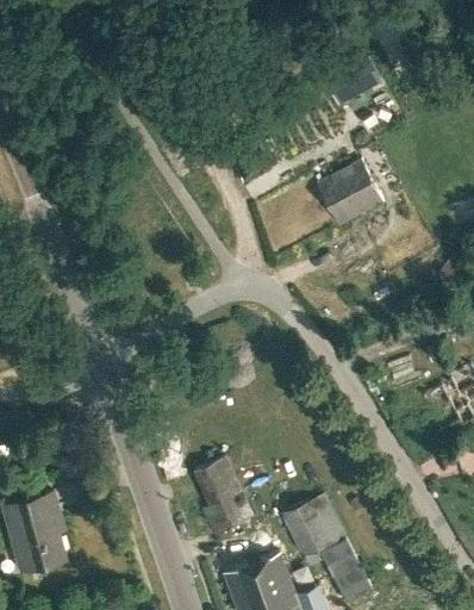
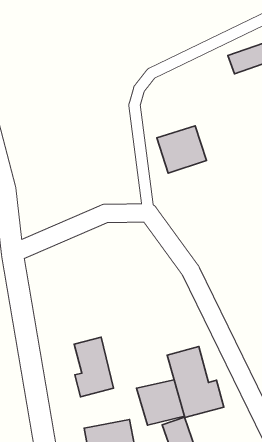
building: [316,162,382,226] -> [157,126,207,173]
building: none -> [167,347,224,417]

